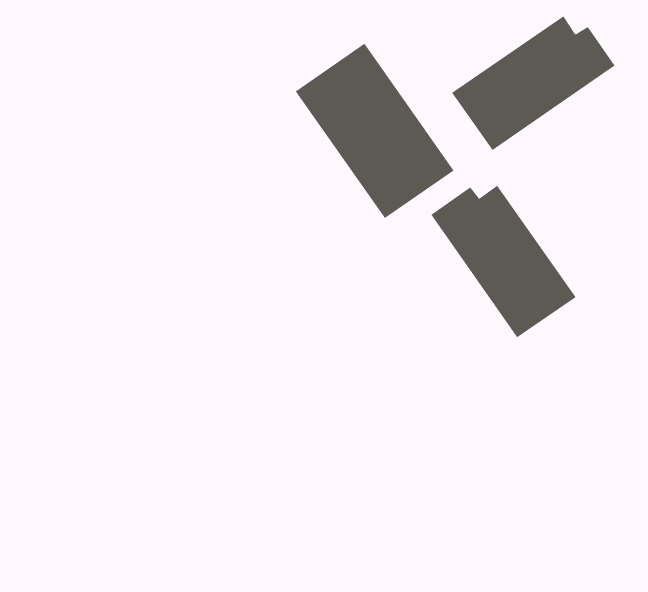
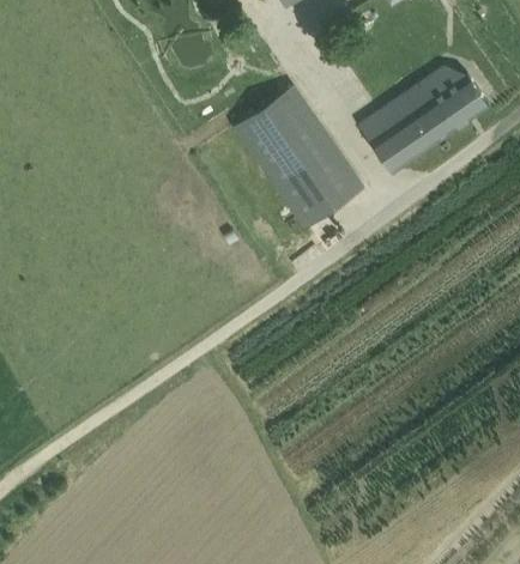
building: [430,185,577,338] -> none

